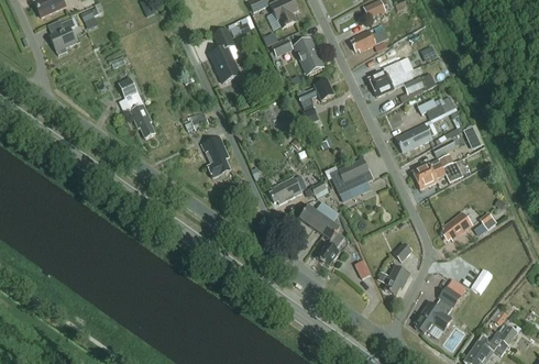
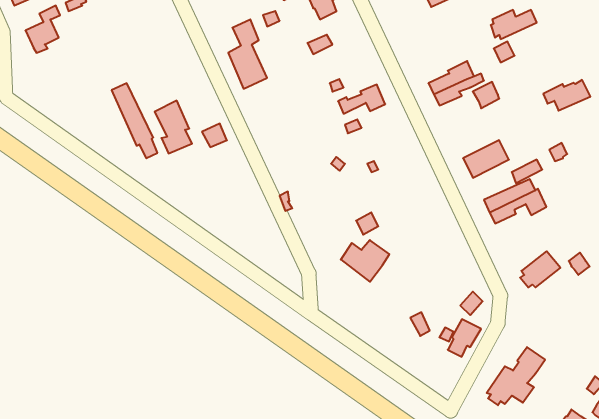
building: [352,29,388,52] -> [491,10,537,39]
building: [295,38,323,74] -> none
building: [418,96,455,120] -> [543,80,590,111]
building: [201,135,231,177] -> [155,101,192,153]
building: [330,158,374,195] -> none
building: [270,176,303,203] -> none
building: [317,222,344,266] -> none

